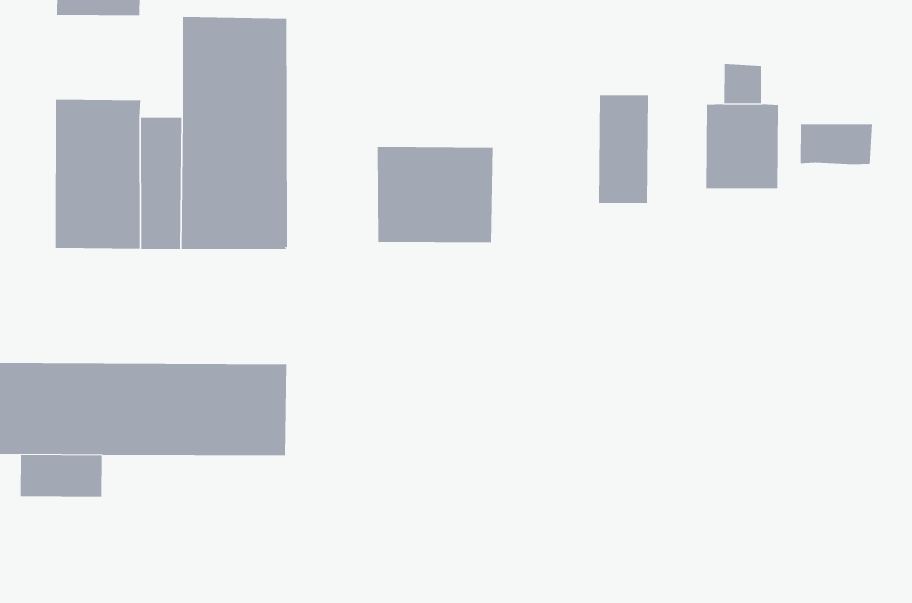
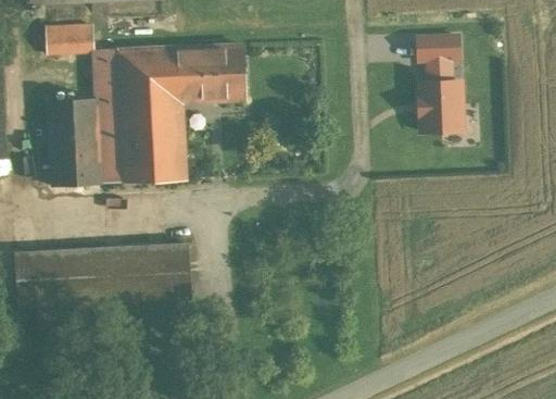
building: none -> [94,49,122,108]
building: [599,94,649,204] -> none
building: [800,124,873,165] -> [418,35,459,60]
building: [377,147,493,243] -> [178,43,247,101]

